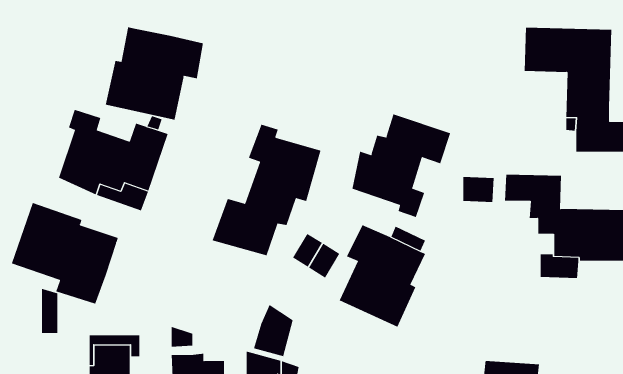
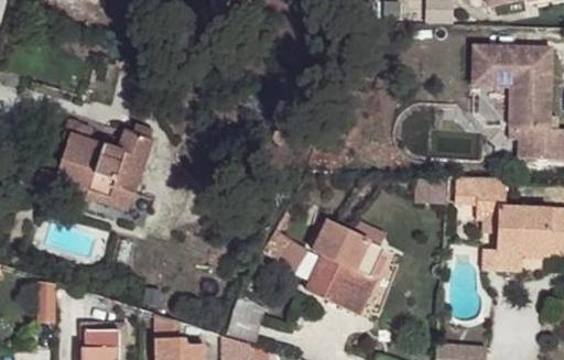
building: [105,27,204,120] -> none
building: [352,114,451,218] -> none
building: [212,124,321,256] -> none
building: [11,202,118,305] -> none

